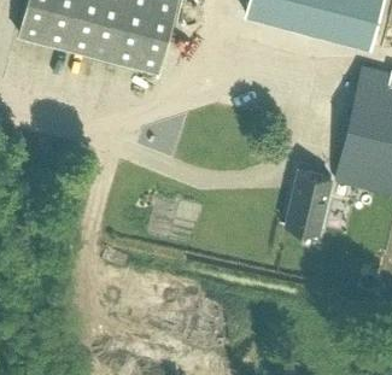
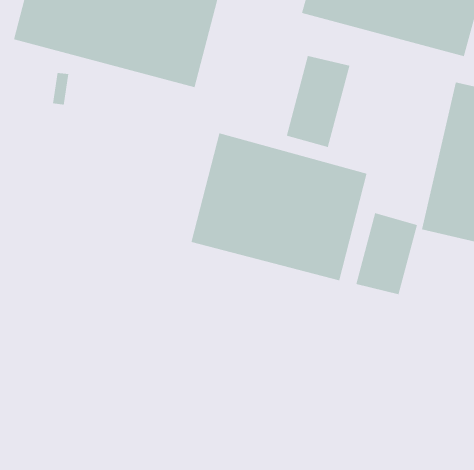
building: none -> [286,55,350,148]
building: none -> [191,133,367,281]

